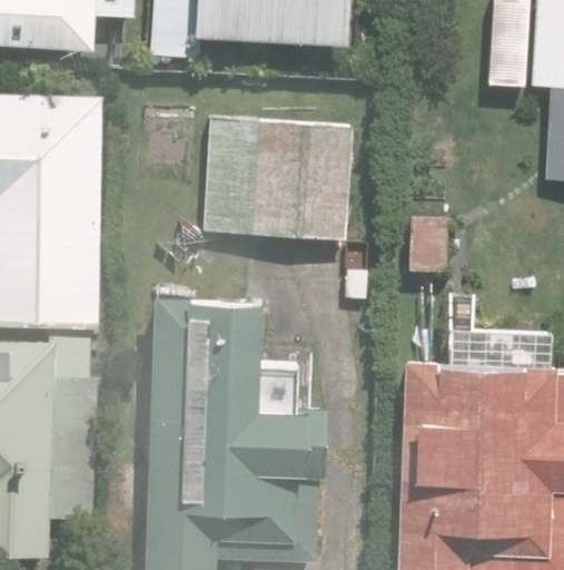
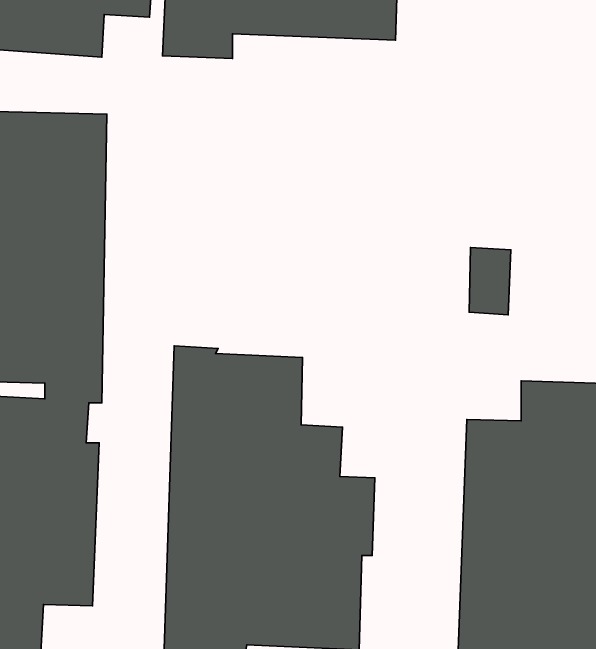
building: [204,117,352,235] -> none

